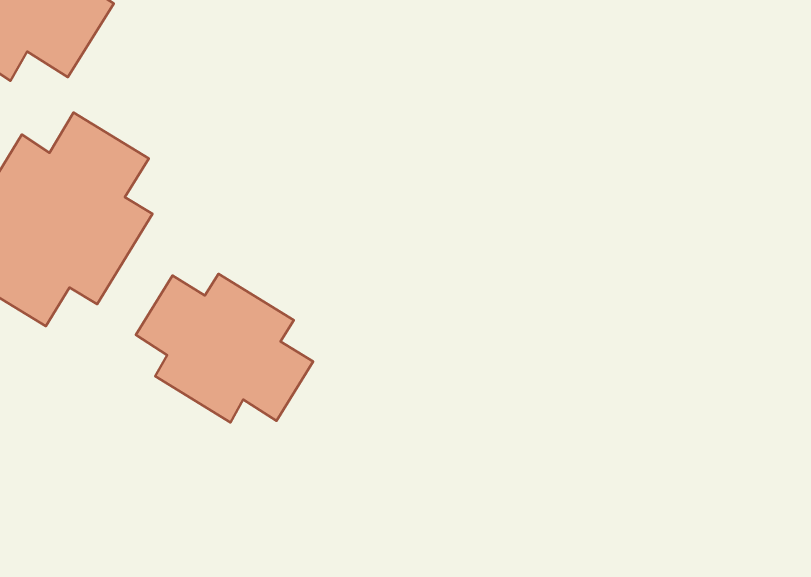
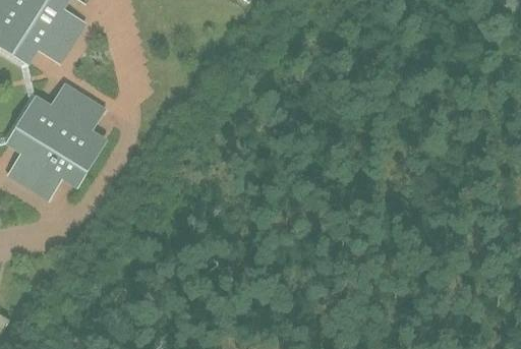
building: [136,274,313,422] -> none

